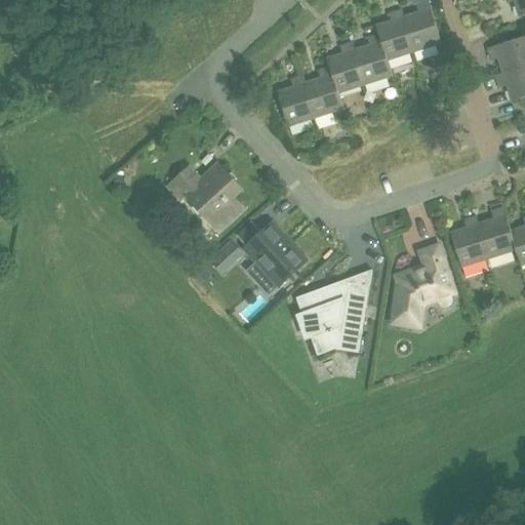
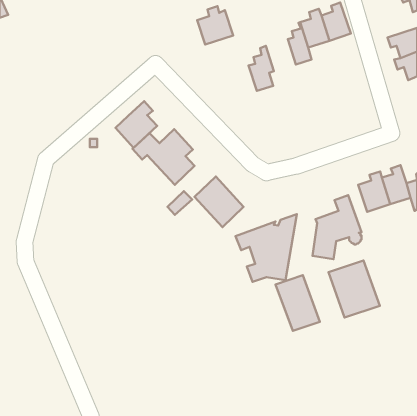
building: [333,44,371,89] -> none
building: [277,77,322,125] -> [197,6,233,45]
building: none -> [115,101,157,148]
building: none -> [328,261,380,318]
building: none -> [276,275,320,331]

